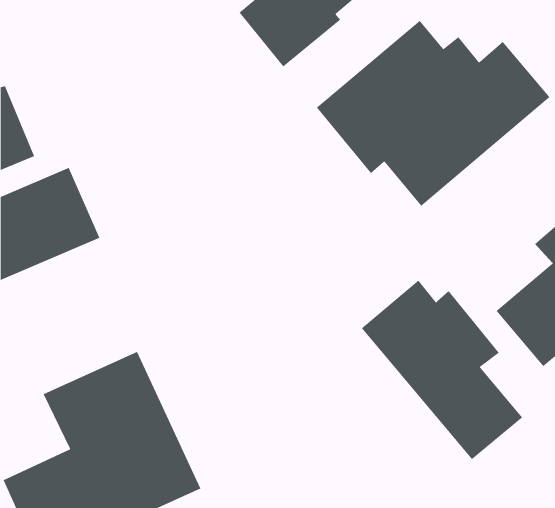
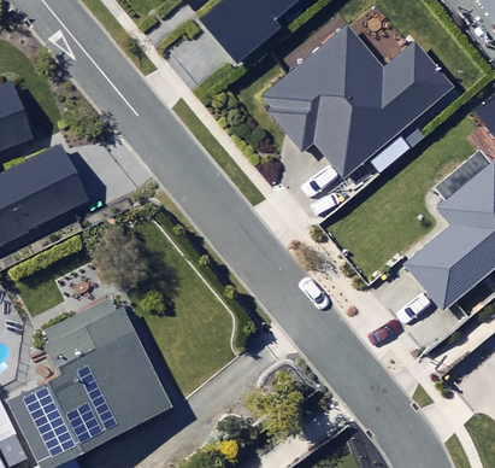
building: [361,280,523,460] -> none

